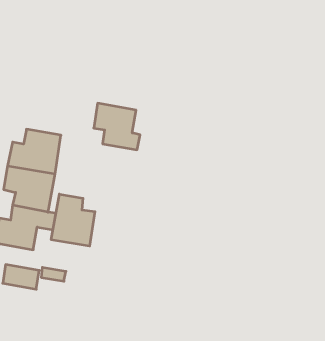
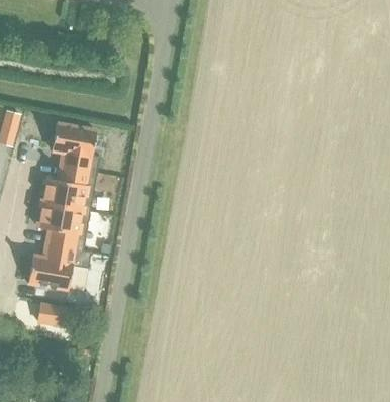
building: [94,103,140,150] -> [52,124,99,172]
building: [51,194,95,246] -> none

